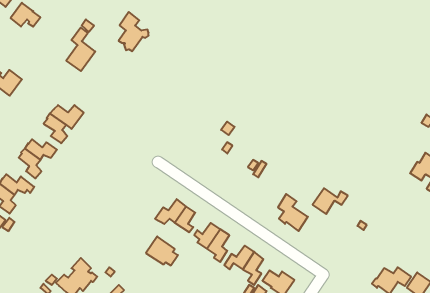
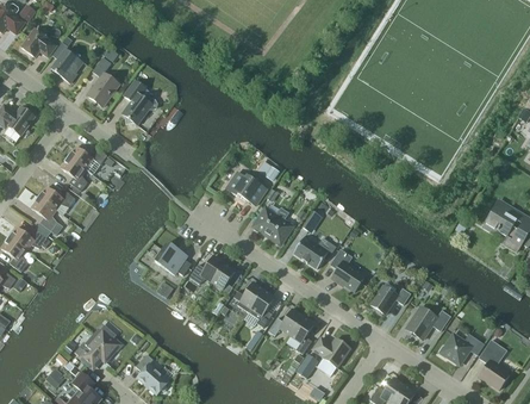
building: none -> [51,36,83,82]
building: [119,12,149,51] -> [123,80,157,125]
building: none -> [226,172,267,205]
building: none -> [254,207,293,244]
building: none -> [294,236,337,269]
building: [313,188,348,214] -> [370,285,411,315]
building: [146,236,178,265] -> [155,242,192,275]
building: none -> [406,306,451,340]

